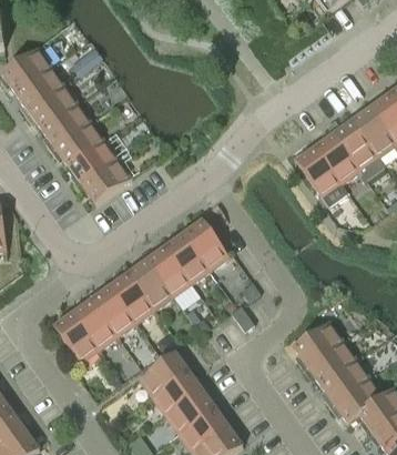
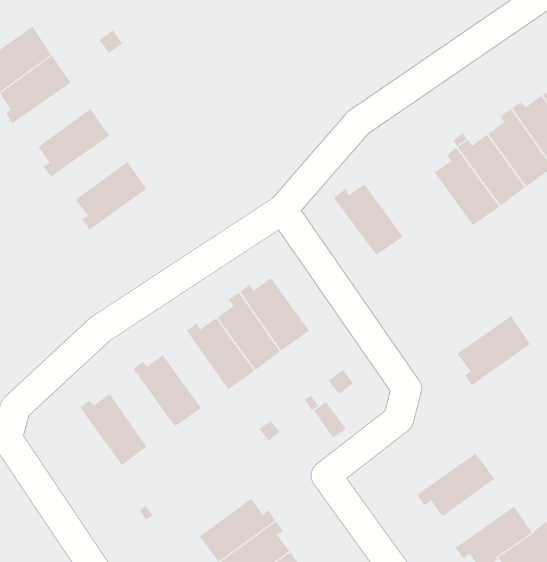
building: [24,84,79,129] -> none
building: [51,121,104,165] -> none
building: [293,146,342,196] -> [333,183,404,256]
building: [78,158,132,203] -> none
building: [129,255,173,309] -> none
building: [92,282,136,335] -> none
building: [54,309,100,363] -> none
building: [293,320,344,368] -> [457,315,531,386]
building: [139,348,190,397] -> none
building: [320,357,370,405] -> none

